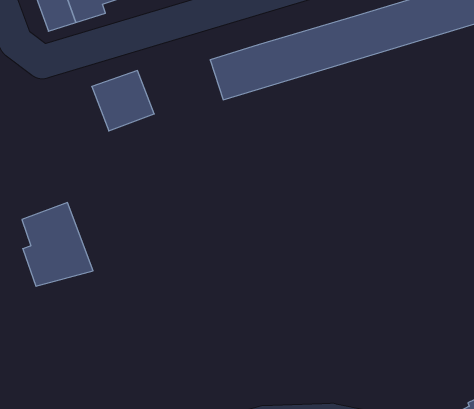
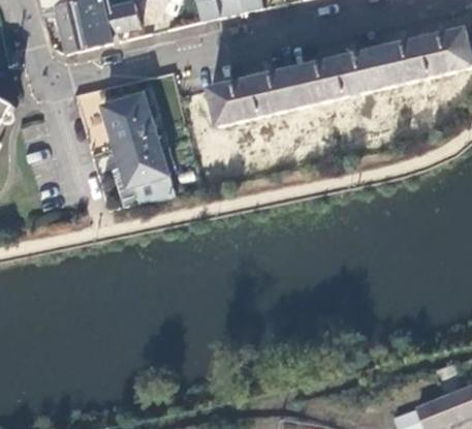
building: [22,203,93,286] -> [114,131,175,204]

